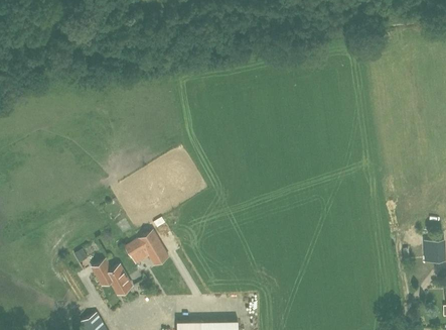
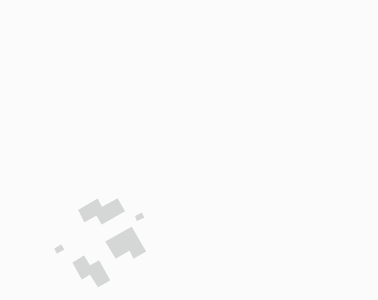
building: none -> [77,197,126,225]

